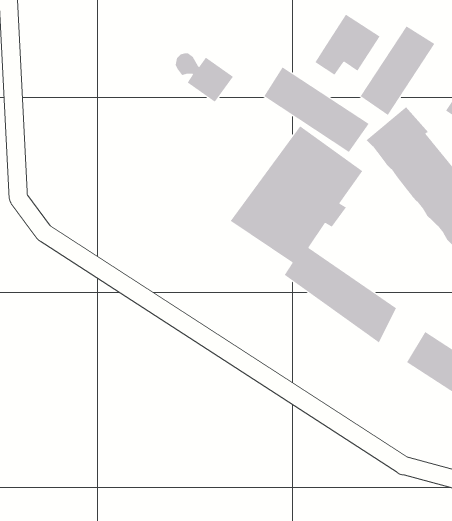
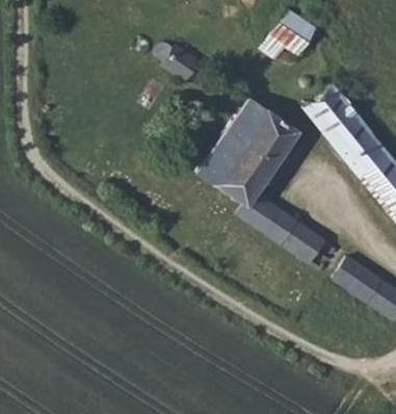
building: [360,26,435,116] -> none
building: [264,67,369,153] -> none

